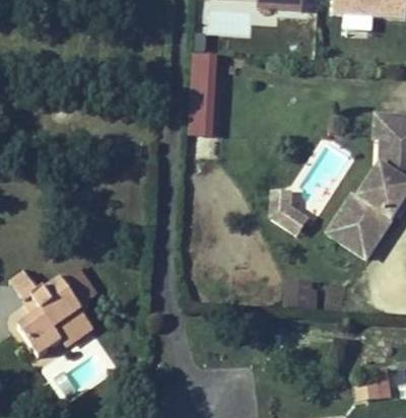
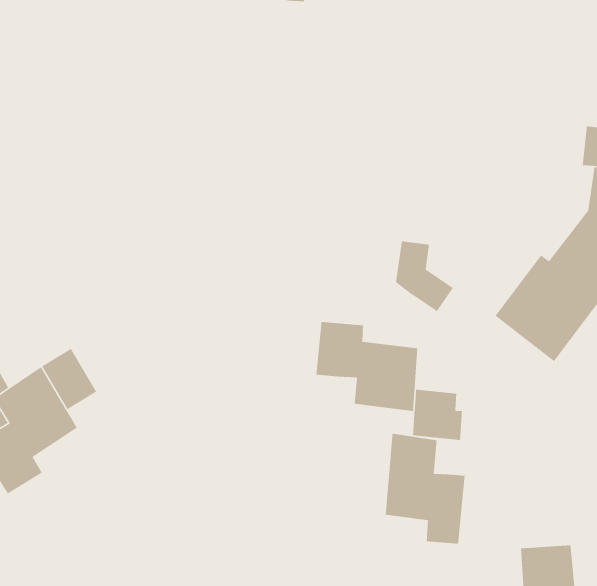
building: [189,56,216,136] -> none
building: none -> [316,321,418,412]
building: none -> [385,433,466,544]

